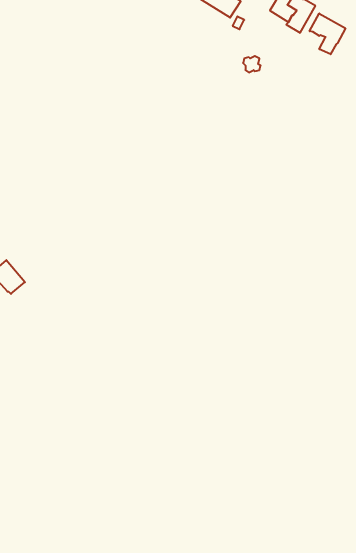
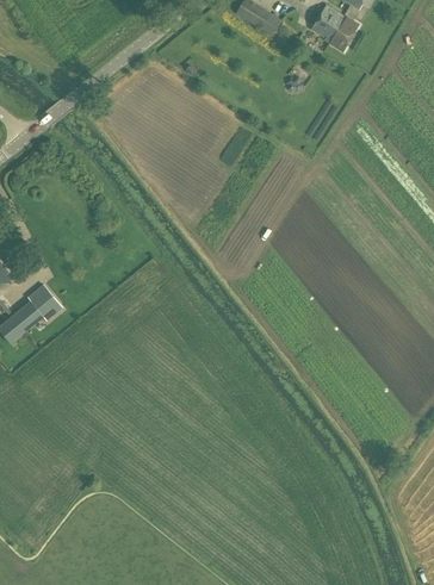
building: [310,13,345,54] -> none

